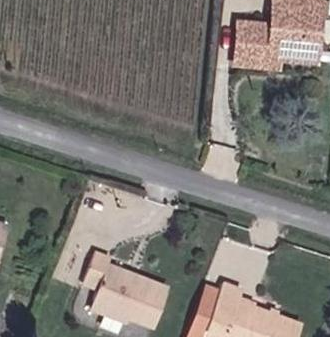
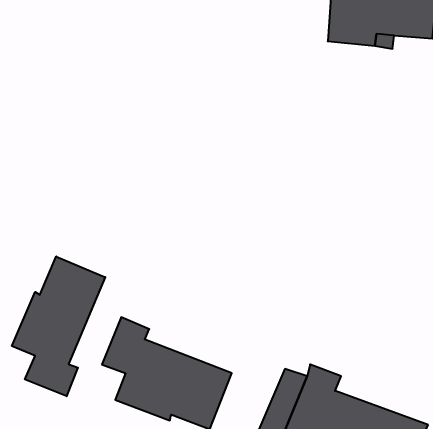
building: none -> [12,256,105,396]

